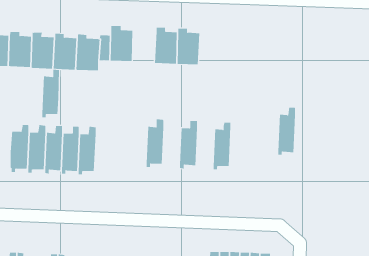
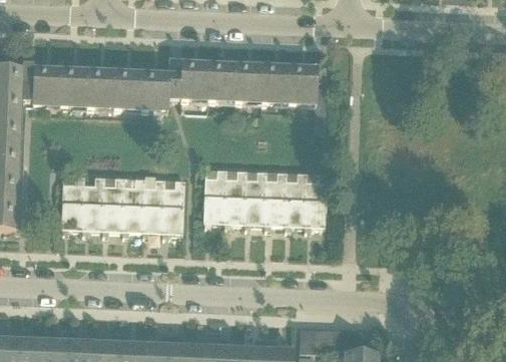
building: none -> [207,59,235,103]
building: none -> [287,62,327,133]
building: [41,69,60,118] -> [162,179,184,238]
building: [277,107,296,155] -> [284,172,306,230]
building: none -> [202,168,225,227]
building: none -> [243,170,266,229]

